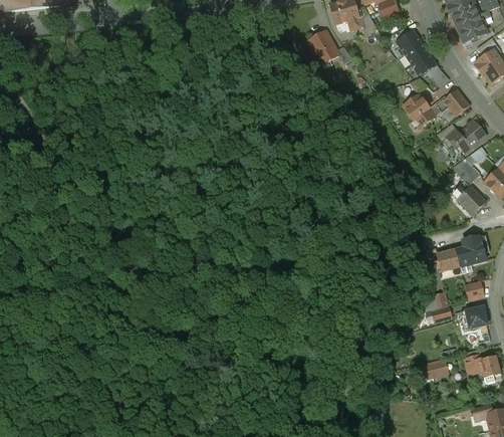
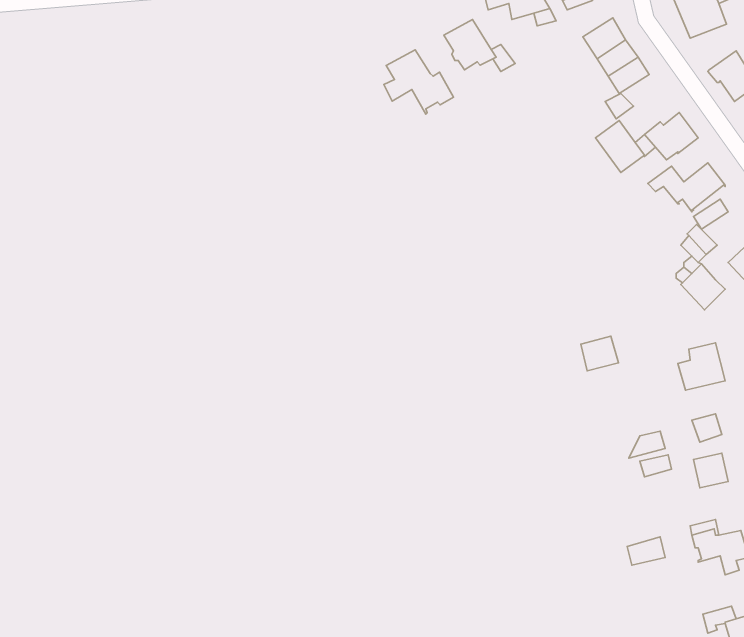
building: none -> [384,50,453,114]
building: [436,248,460,270] -> [581,336,619,371]

